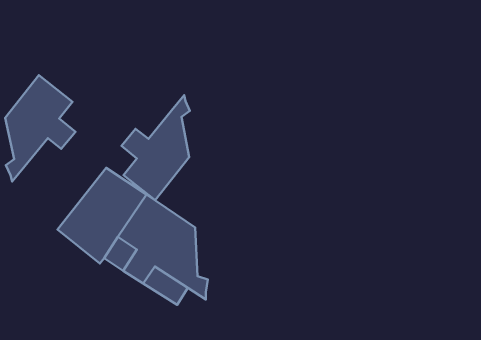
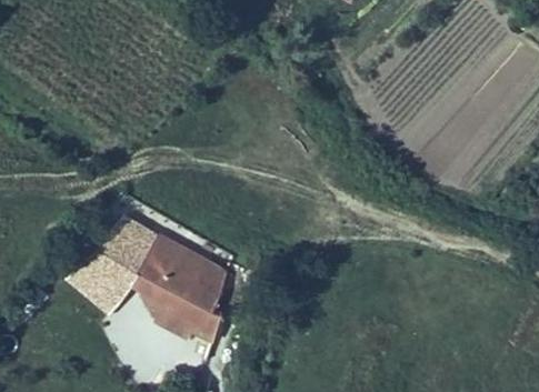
building: [5,75,75,181] -> none
building: [121,95,190,200] -> none

